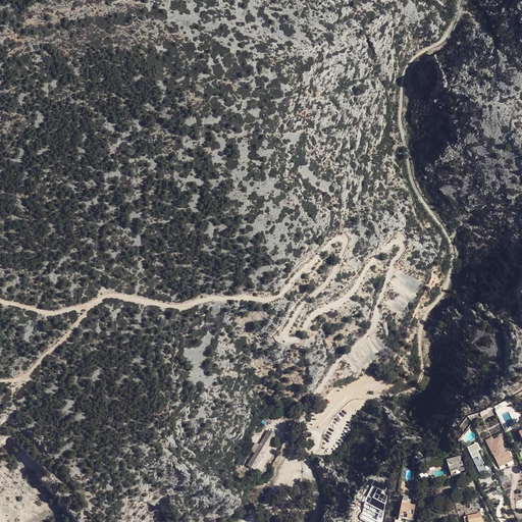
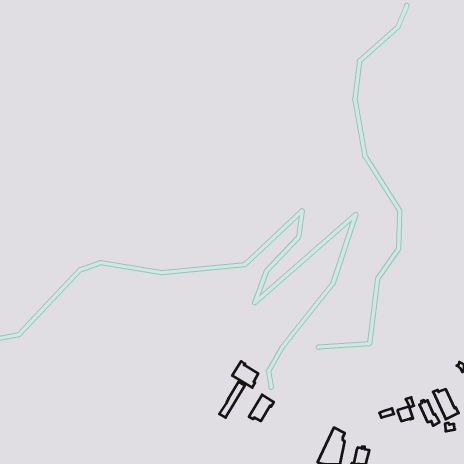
building: none -> [232,361,258,388]
building: none -> [249,395,274,421]

